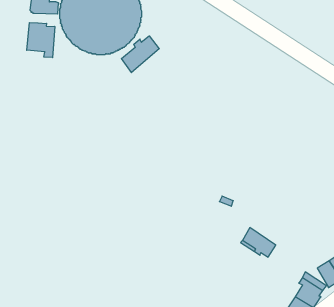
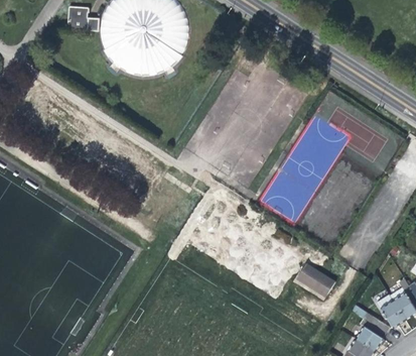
building: [27,23,55,58] -> none
building: [121,36,159,73] -> none

